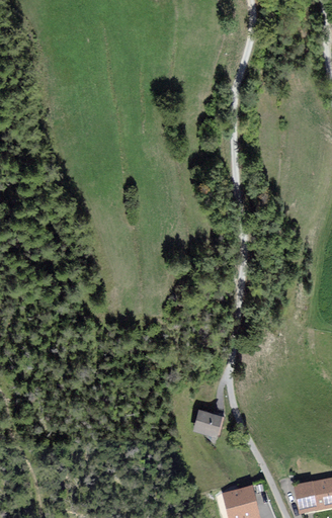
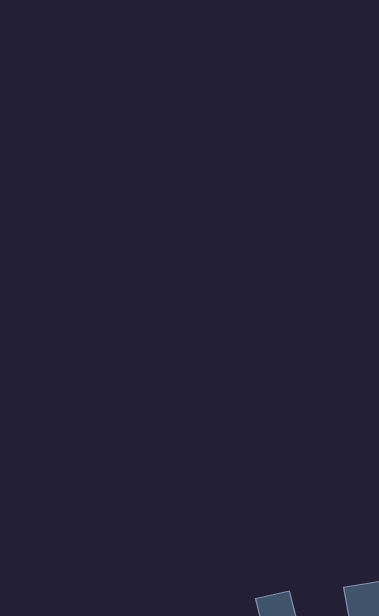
building: [192,409,222,435] -> none

